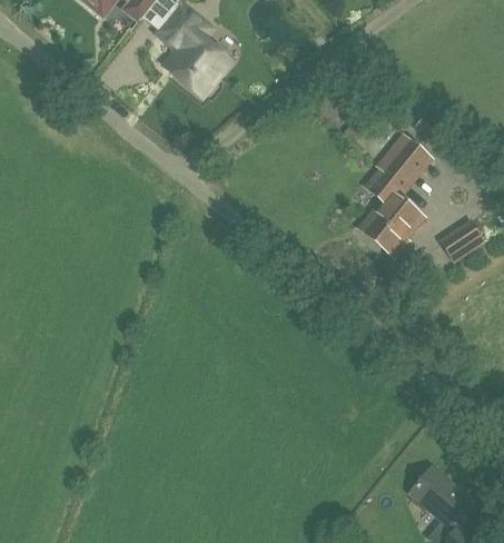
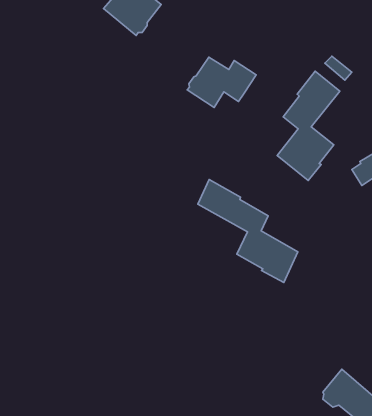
building: none -> [187,57,256,107]
building: none -> [198,179,298,283]

